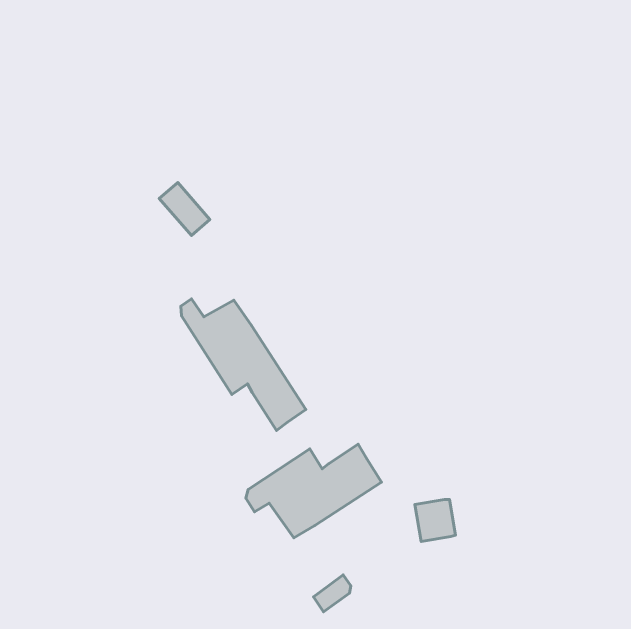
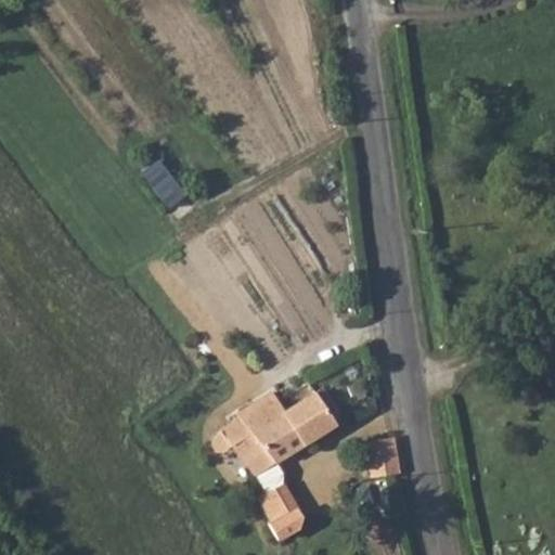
building: [181,299,306,430] -> none
building: none -> [258,462,301,521]

